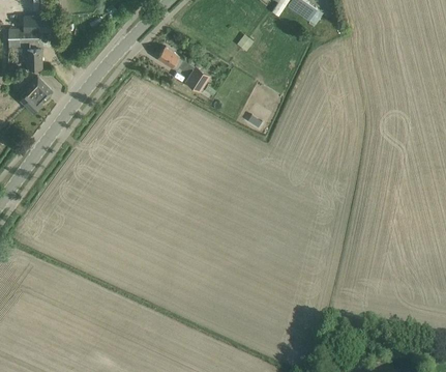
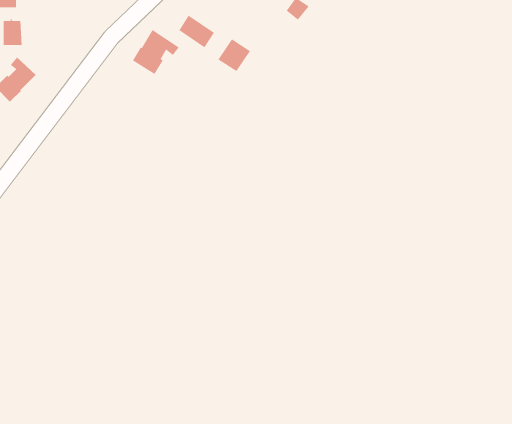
building: none -> [132,29,179,75]

